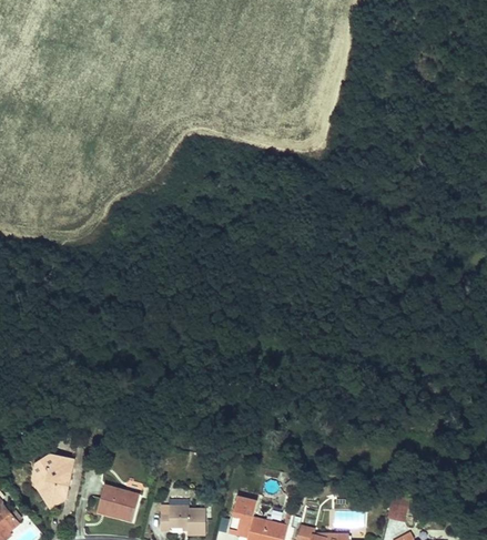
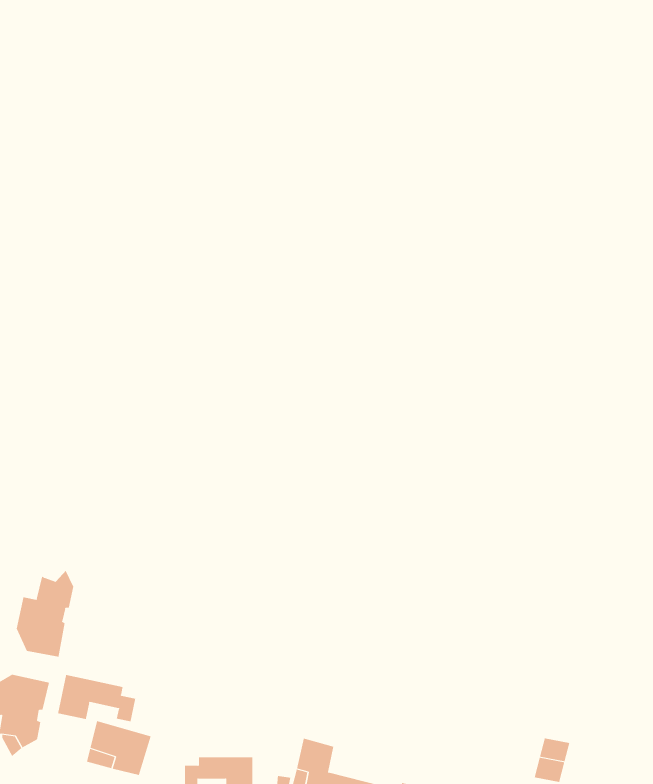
building: none -> [16,570,74,658]
building: none -> [57,674,136,722]

